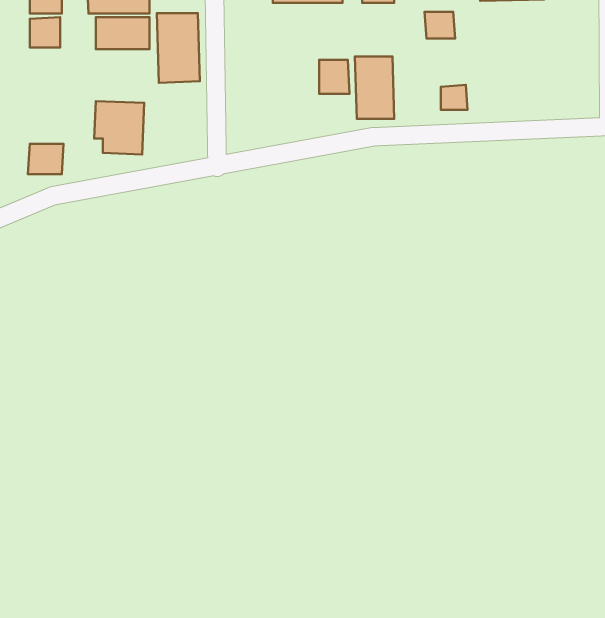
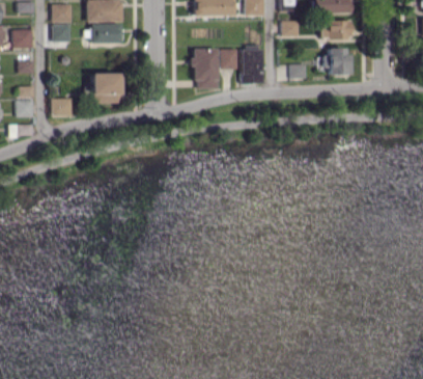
building: none -> [321,20,350,39]
building: [157,13,200,83] -> [194,49,219,89]
building: none -> [325,48,350,75]

